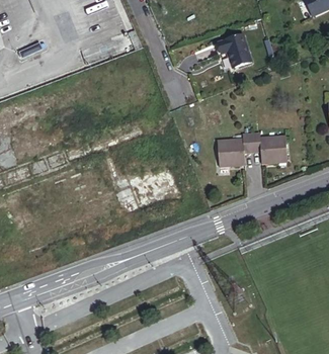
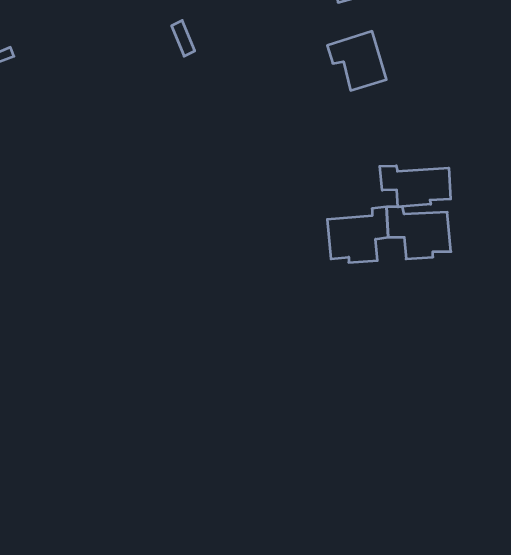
building: none -> [380,166,451,207]

